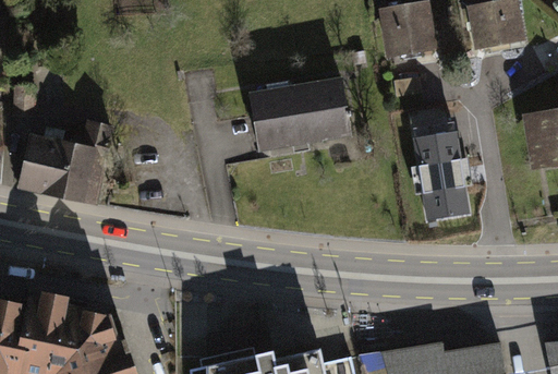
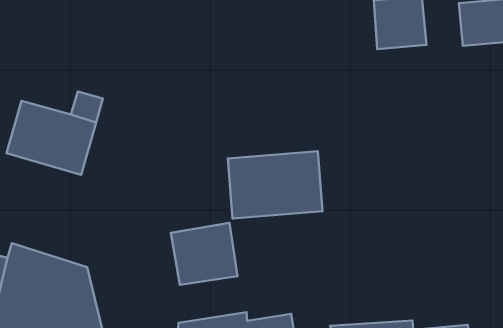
building: [250,83,350,157] -> [228,151,323,219]
building: [418,129,469,222] -> none
building: none -> [171,223,238,285]

